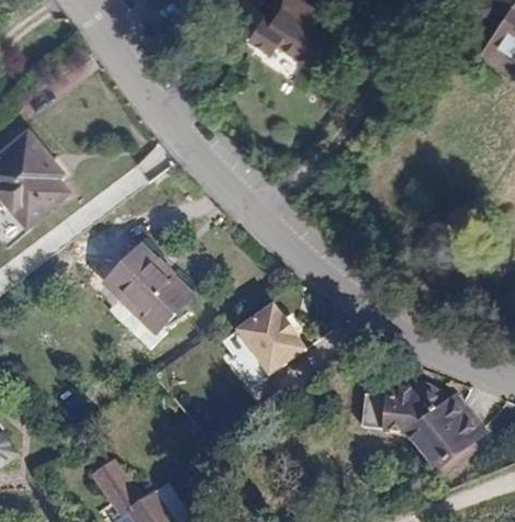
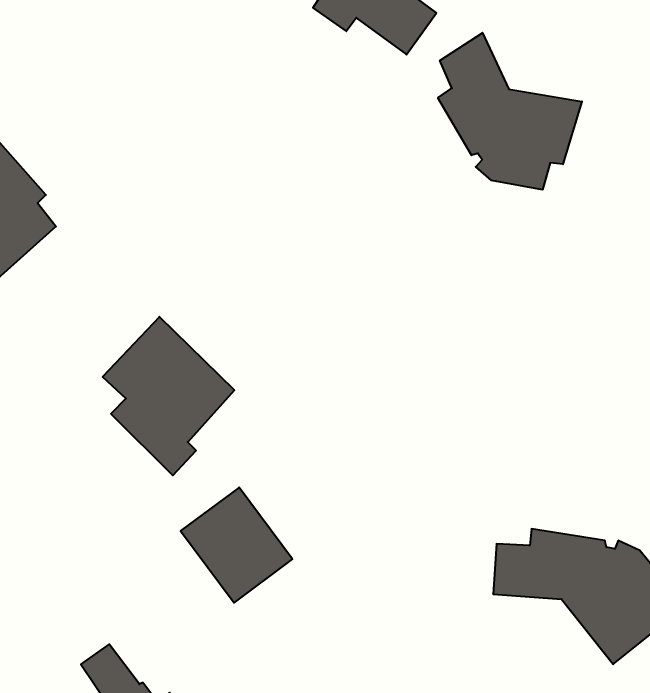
building: none -> [438,33,582,190]
building: [229,303,303,378] -> [181,487,292,603]

